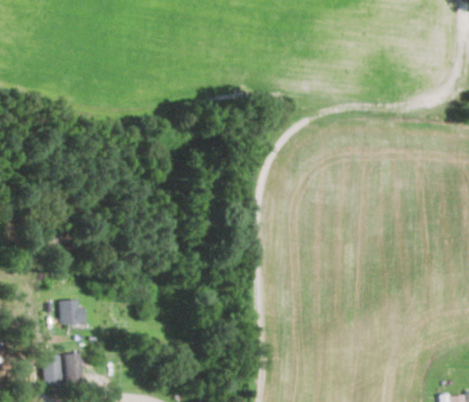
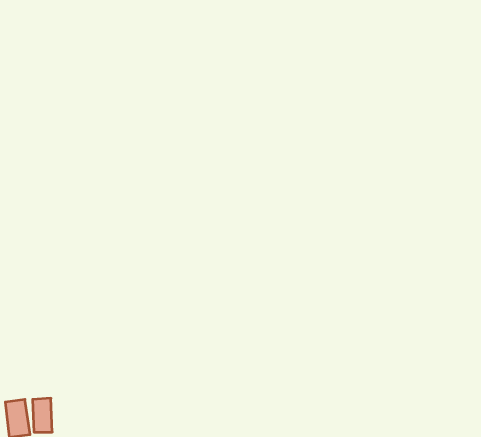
building: [62,300,86,325] -> none

